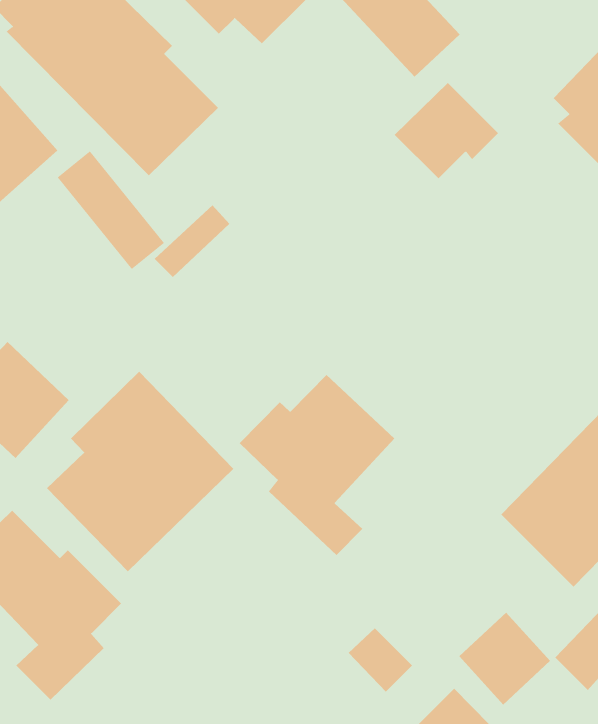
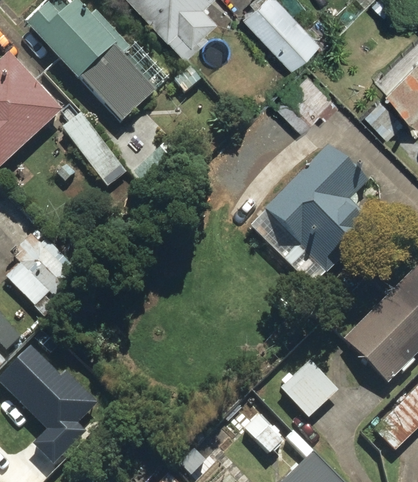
building: none -> [249,146,376,285]
building: [46,371,234,572] -> none
building: [239,374,395,556] -> none
building: [459,612,551,705] -> [279,360,337,419]

